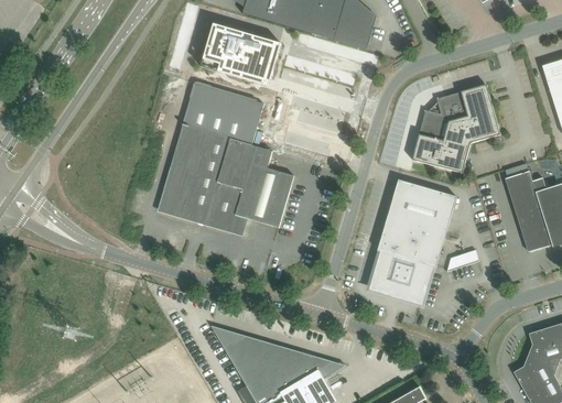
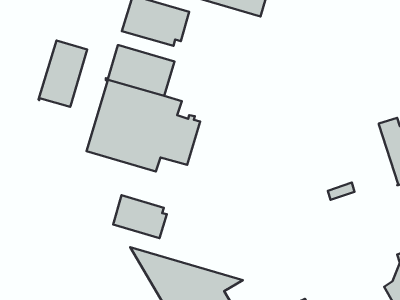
building: none -> [38,40,87,107]
building: [412,85,500,173] -> none
building: [371,179,456,302] -> none
building: none -> [113,195,167,238]

